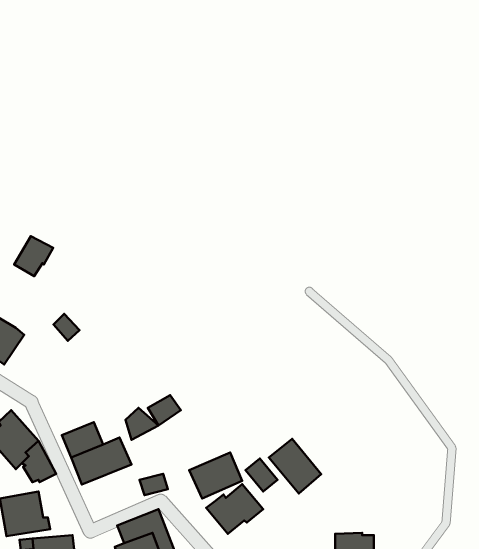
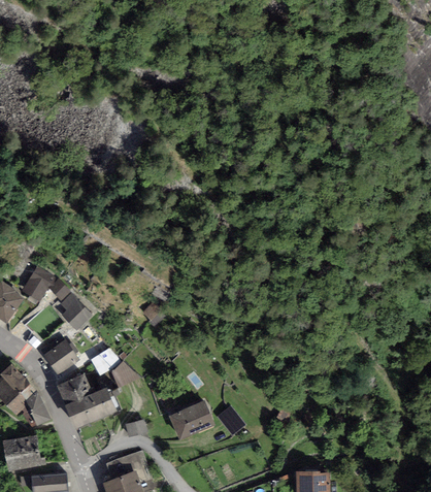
building: [14,236,53,276] -> [21,266,55,301]
building: none -> [60,293,92,330]
building: none -> [42,338,78,374]
building: [148,395,181,426] -> [90,349,119,375]
building: [269,439,321,493] -> none
building: [206,484,263,534] -> none

